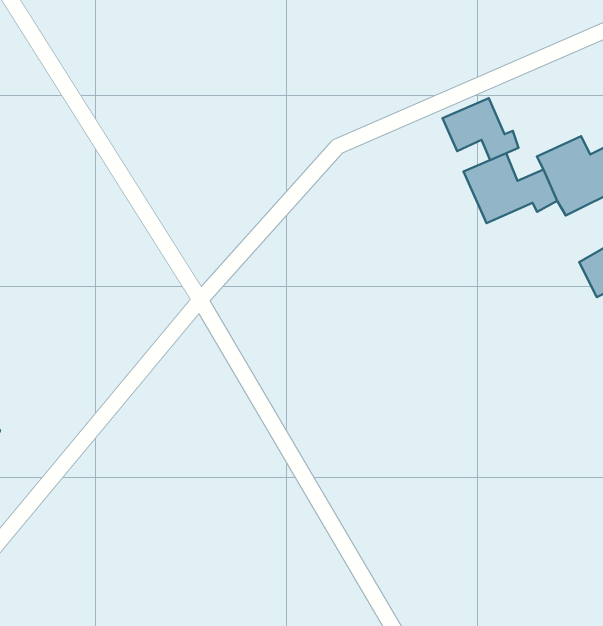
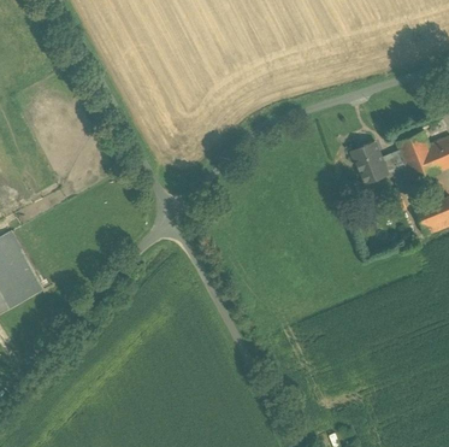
building: [442,98,518,160] -> none

